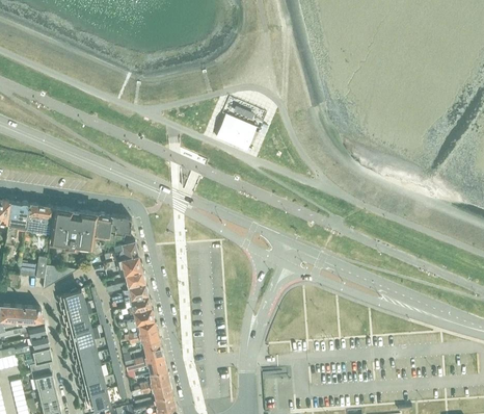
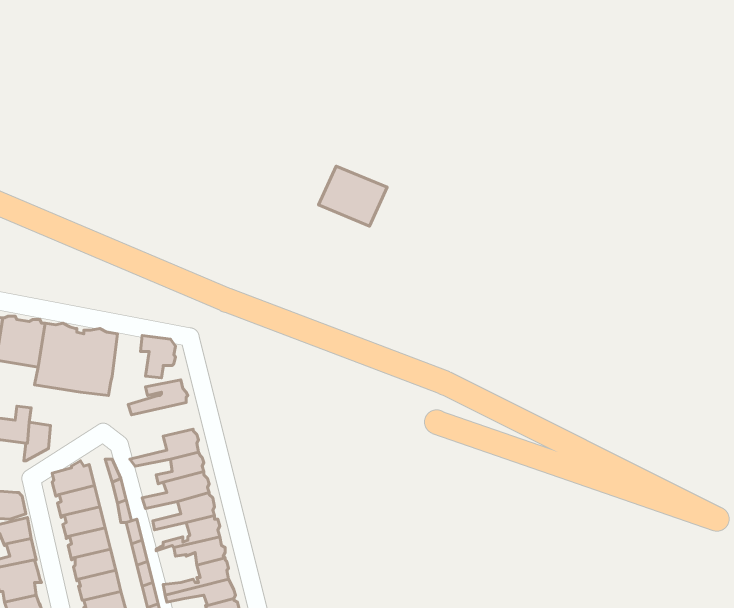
building: [95,214,116,252] -> none
building: [103,256,143,276] -> none

